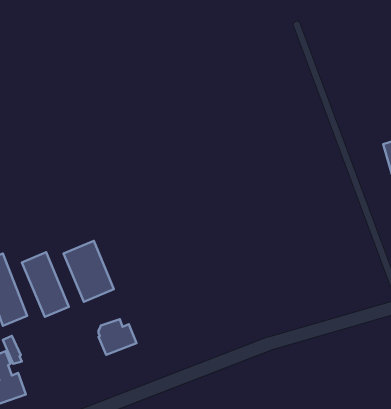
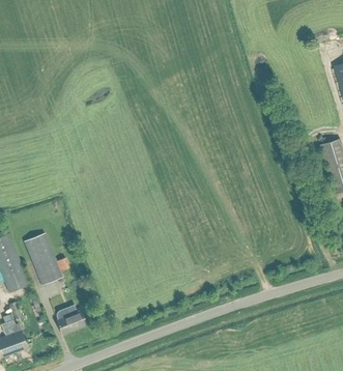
building: [64,241,114,302] -> none
building: [98,319,136,355] -> [56,305,87,334]

